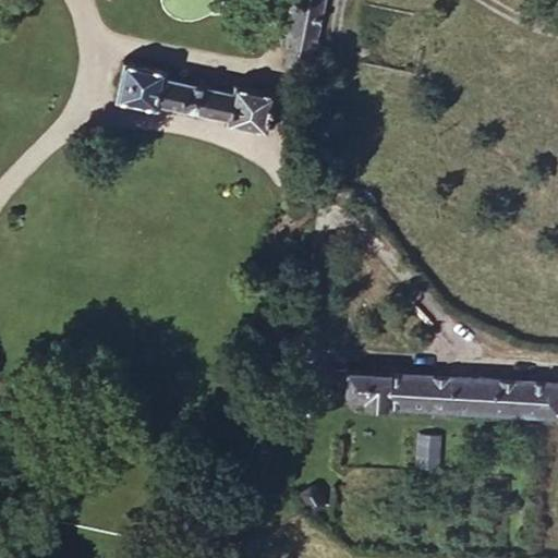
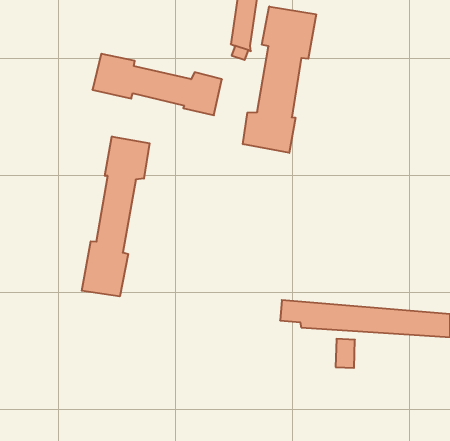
building: none -> [243,6,316,153]
building: none -> [82,136,150,296]

